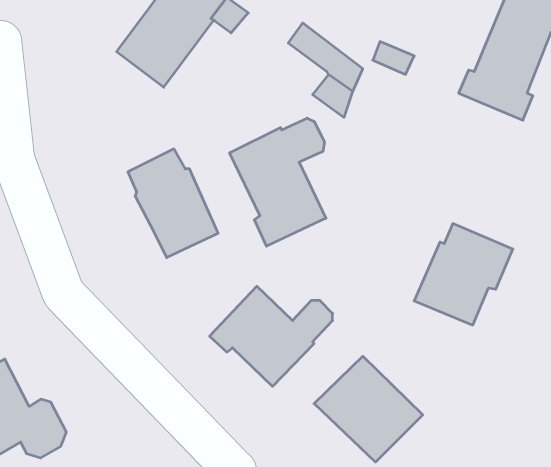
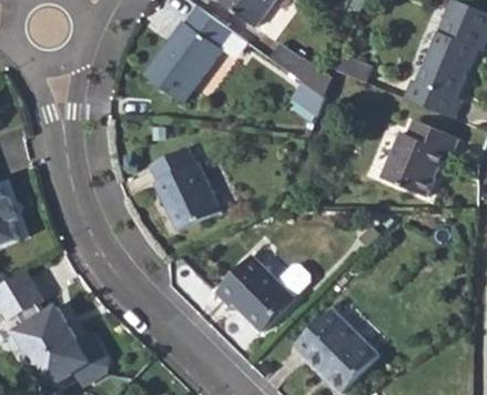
building: [230,118,326,246] -> none
building: [414,224,513,325] -> [384,123,460,202]

